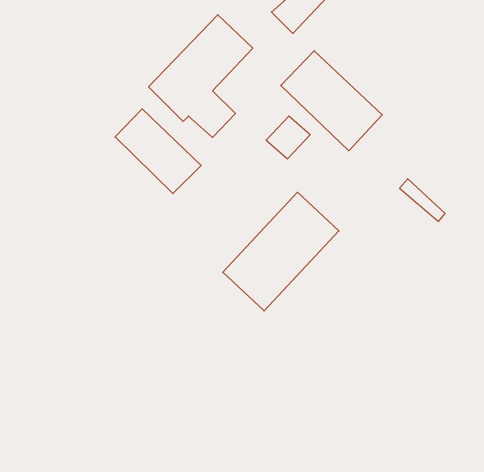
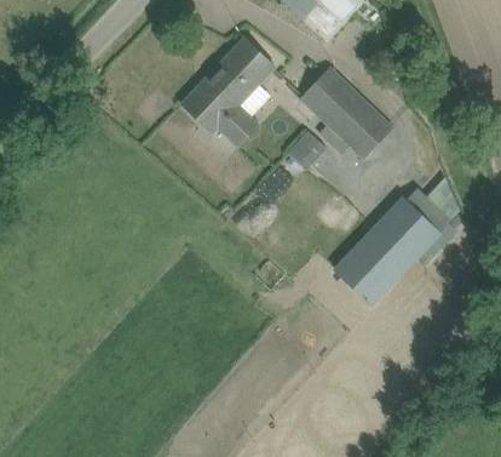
building: [115,109,201,194] -> none
building: [223,192,339,311] -> [334,196,439,304]

